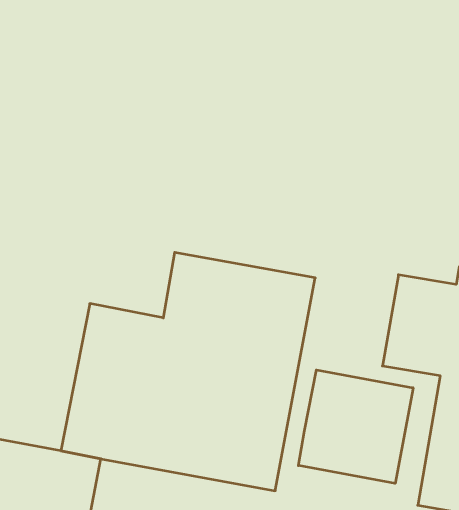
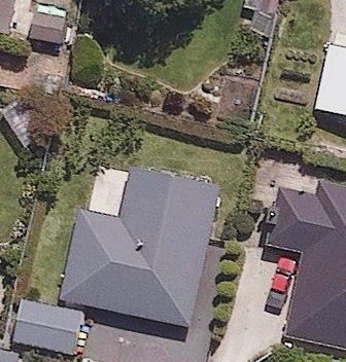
building: [298,370,413,483] -> none

